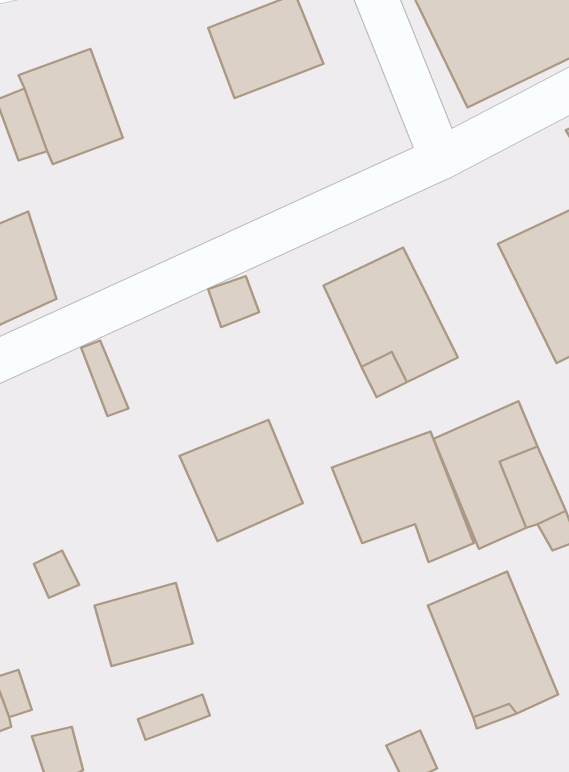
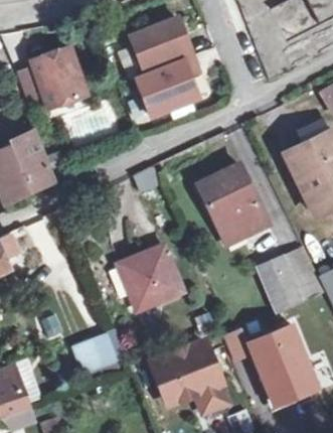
building: none -> [137,55,199,115]
building: [332,431,474,562] -> [152,342,227,412]

